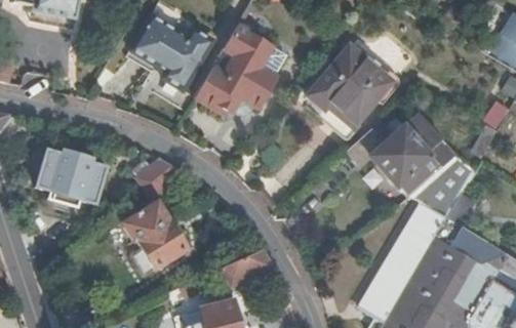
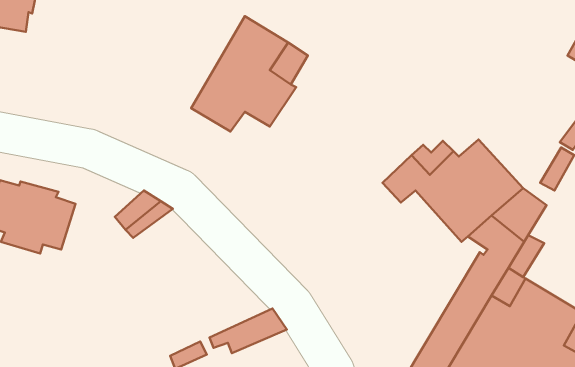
building: [130,14,212,87] -> none
building: [309,45,393,131] -> none
building: [125,200,187,266] -> none

